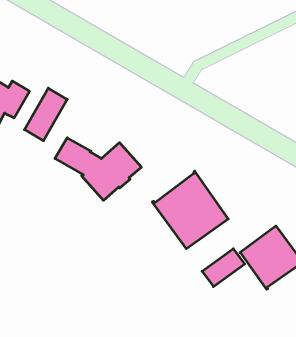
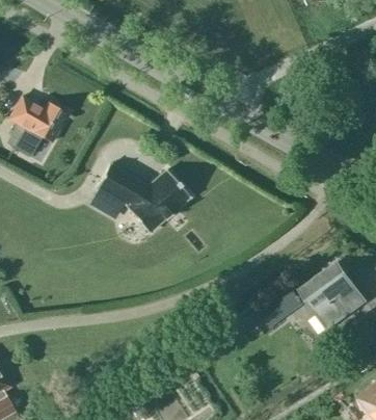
building: [24,88,67,141] -> none
building: [152,171,228,249] -> none

